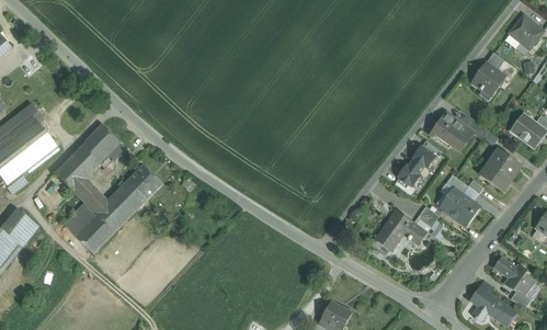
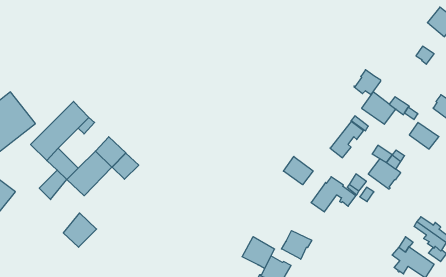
building: [471,64,502,92] -> [354,70,381,95]
building: [479,162,511,192] -> none
building: none -> [112,153,139,179]
building: none -> [283,156,313,185]
building: [76,214,114,253] -> [63,213,97,247]
building: none -> [281,231,312,259]
building: none -> [242,237,275,268]

